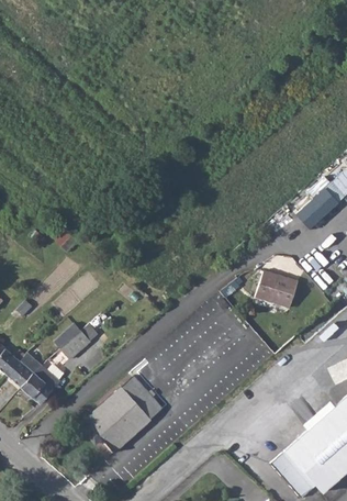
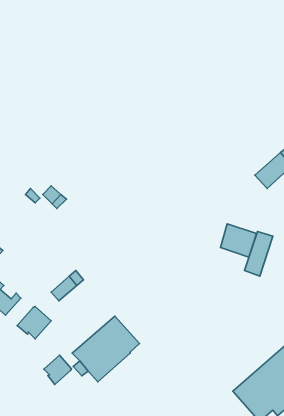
building: none -> [244,232,273,276]
building: [8,356,40,388] -> none
building: none -> [44,355,71,384]

